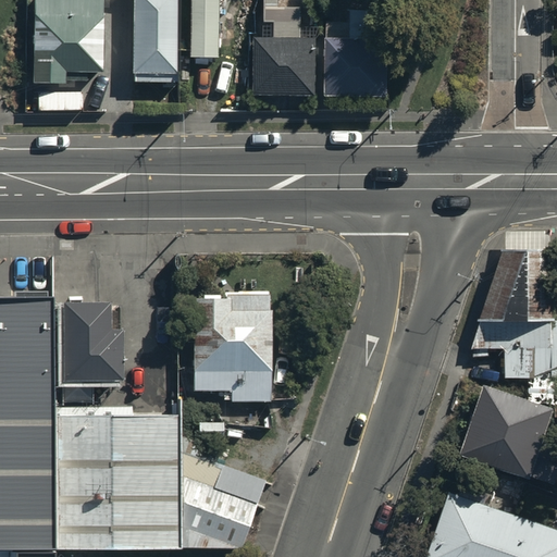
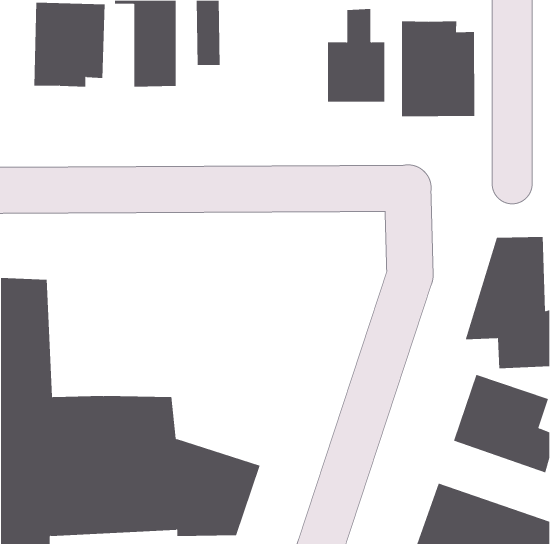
building: [257,20,318,109] -> none
building: none -> [401,20,475,117]
building: [57,296,115,376] -> none
building: [194,296,268,400] -> none

